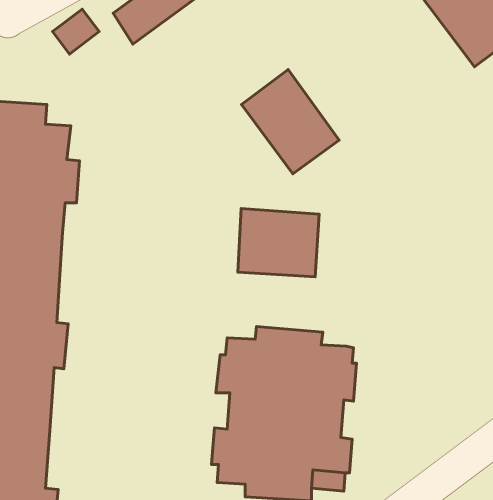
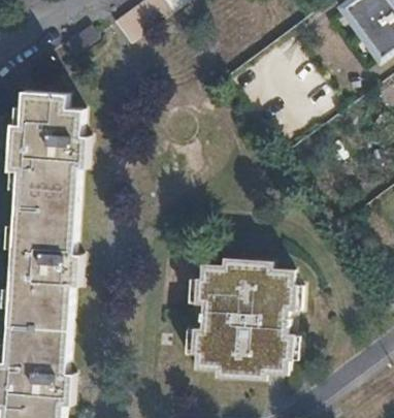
building: [242,69,339,174] -> none
building: [238,208,319,277] -> none

